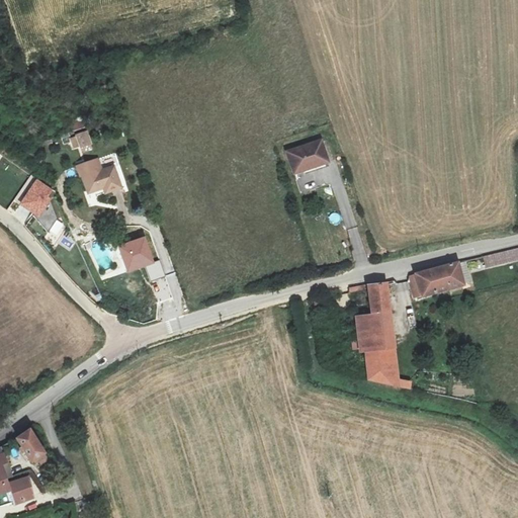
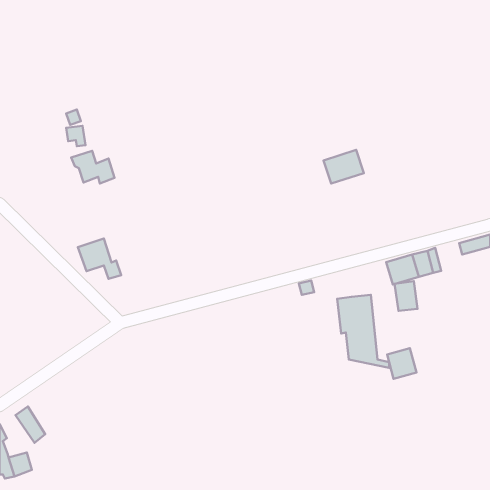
building: [285,138,328,173] -> [324,150,364,184]
building: [17,178,53,219] -> none
building: [118,236,164,278] -> [78,238,121,279]
building: [366,281,391,313] -> [395,281,418,311]
building: none -> [387,348,416,379]

